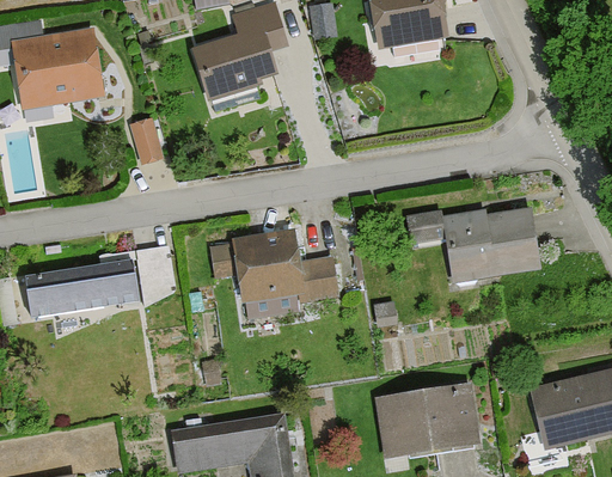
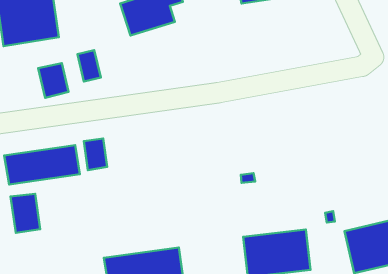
building: none -> [38,63,68,98]
building: [406,209,543,285] -> none
building: [213,228,337,305] -> none
building: none -> [10,194,40,233]

